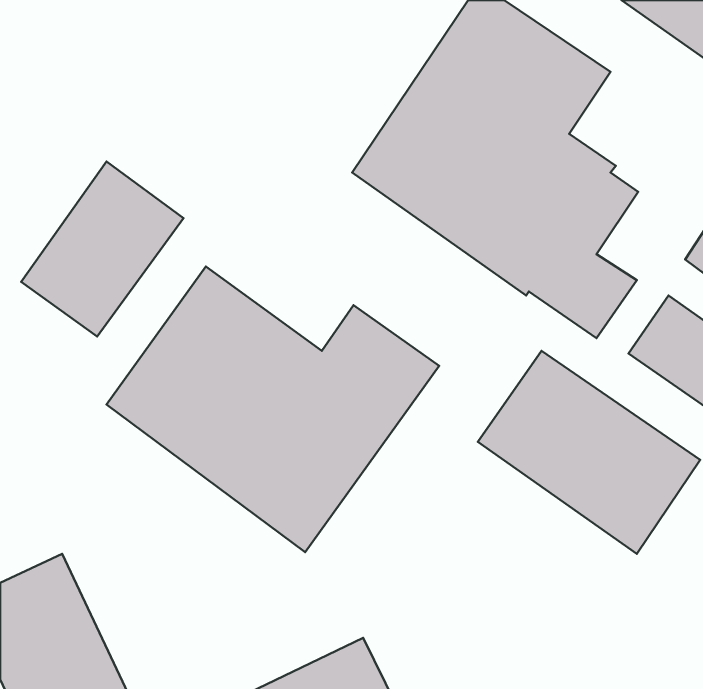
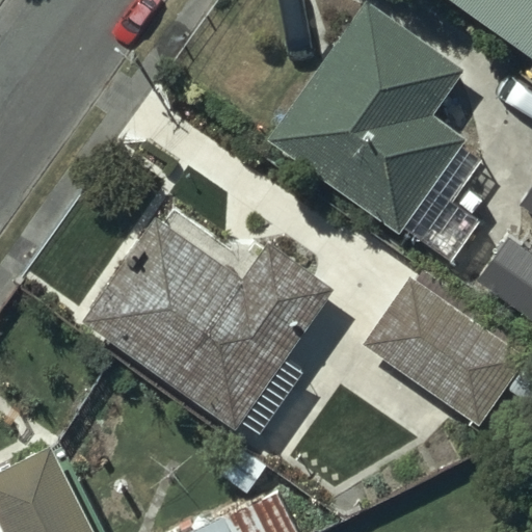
building: [21,161,184,336] -> none

